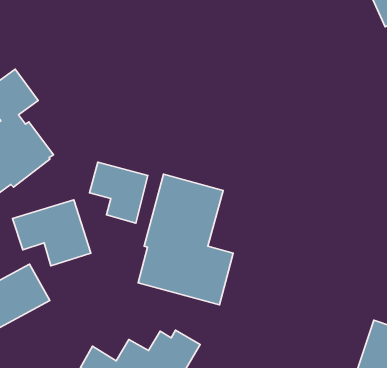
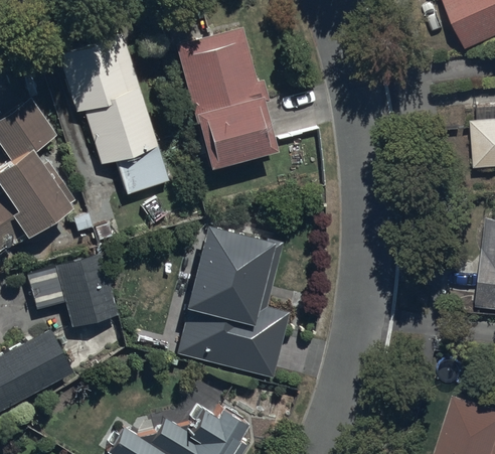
building: none -> [173,26,276,169]
building: none -> [58,35,169,195]
building: [89,162,148,223] -> none

